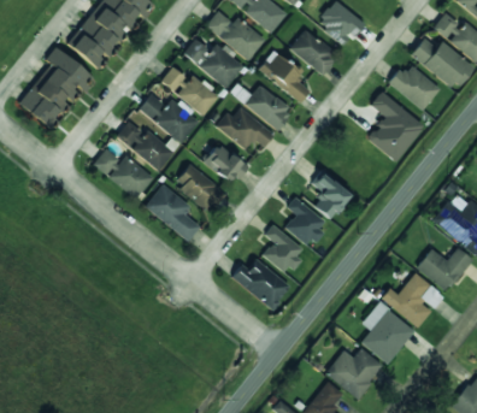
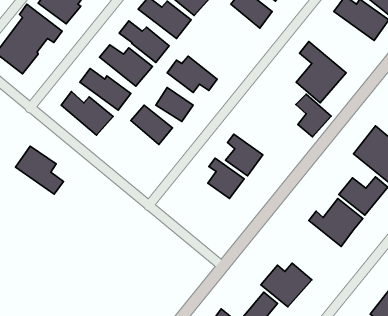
building: [259,49,310,102] -> none
building: [387,66,440,110] -> none
building: [237,84,293,130] -> none
building: [311,170,352,219] -> [296,94,331,137]
building: [145,184,200,240] -> [16,146,63,194]
building: [230,260,289,307] -> none
building: [361,301,414,364] -> none

